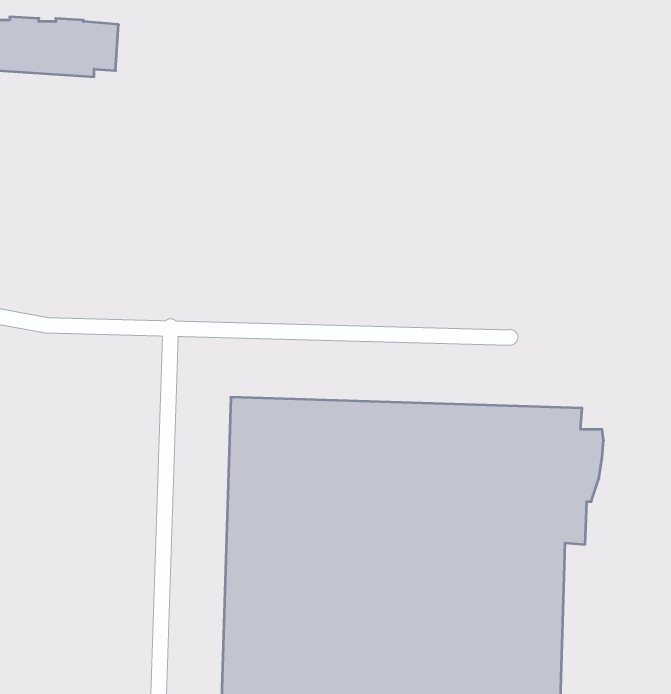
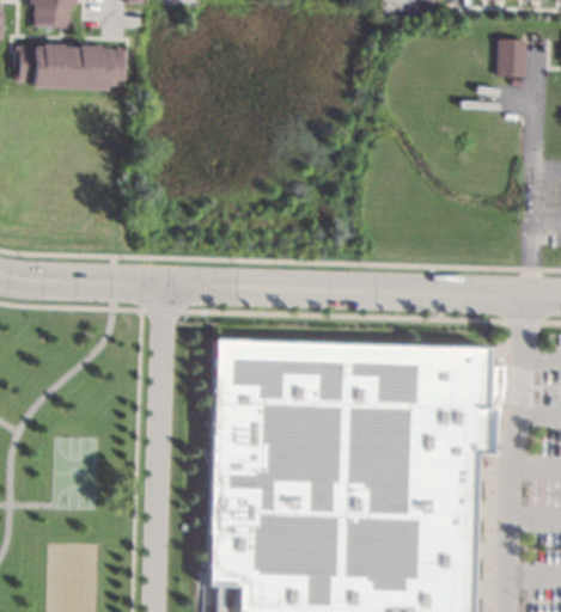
building: none -> [499,38,528,75]

